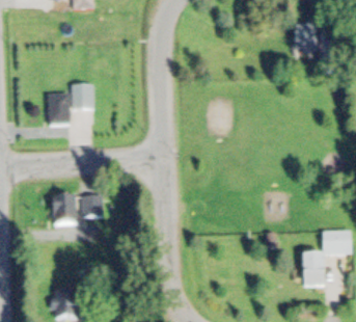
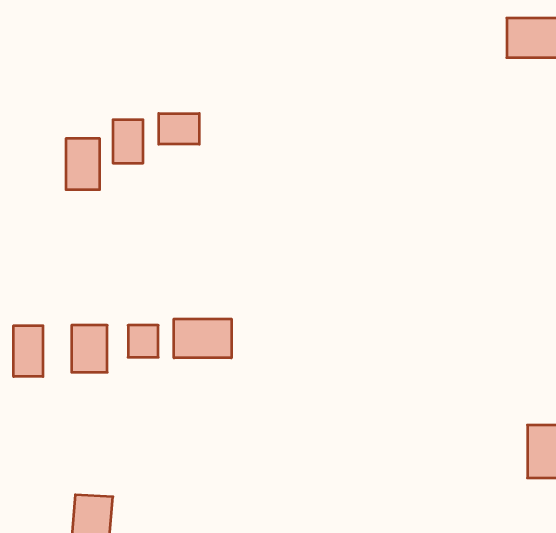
building: none -> [159,113,199,144]
building: none -> [174,319,231,358]
building: none -> [14,326,43,377]

